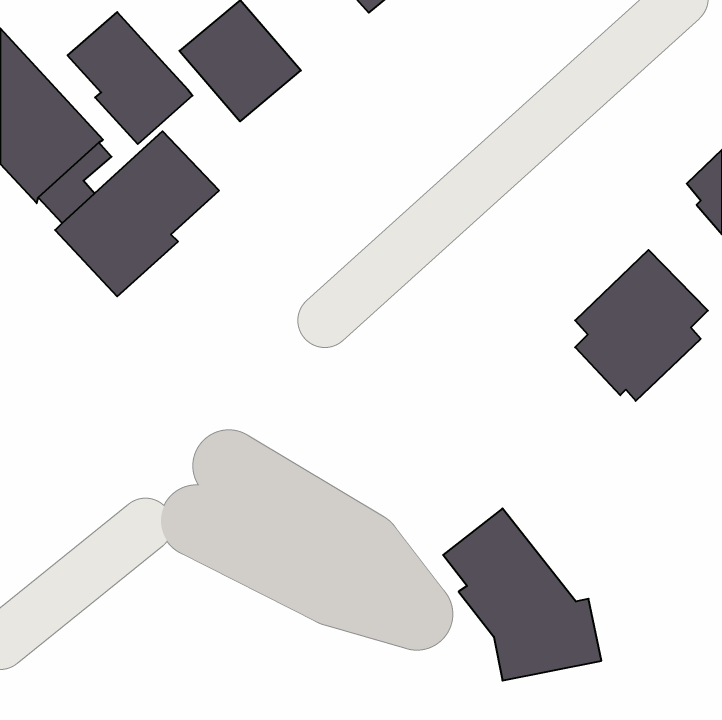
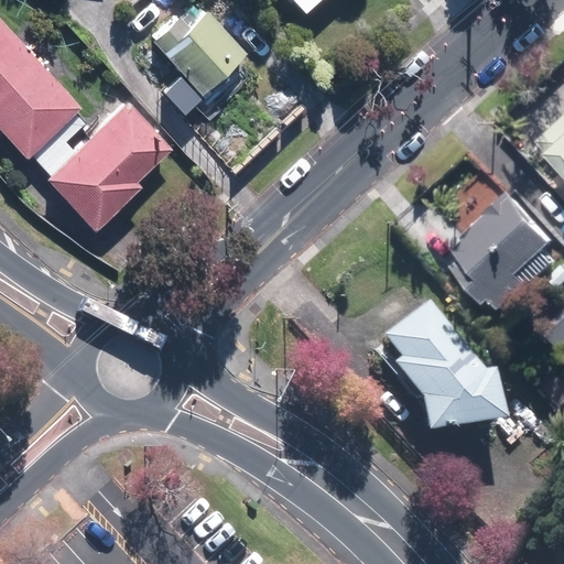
building: [68,12,193,144] -> none
building: [443,508,601,681] -> [384,294,508,429]

